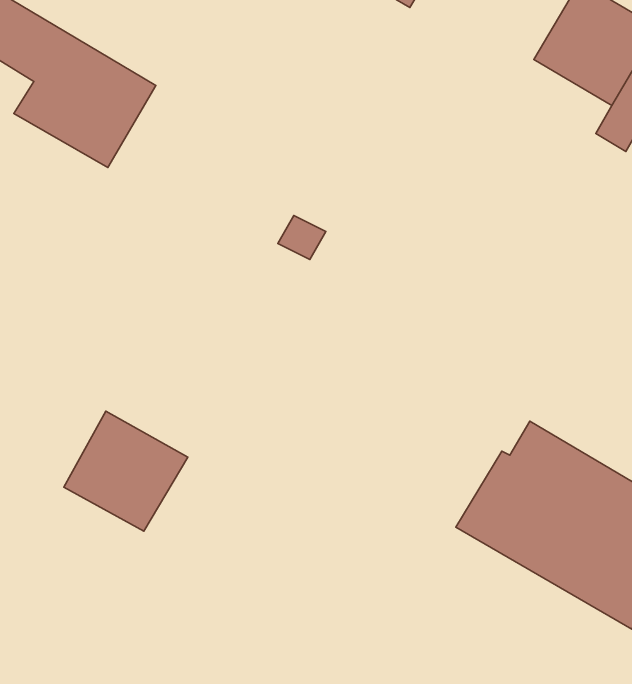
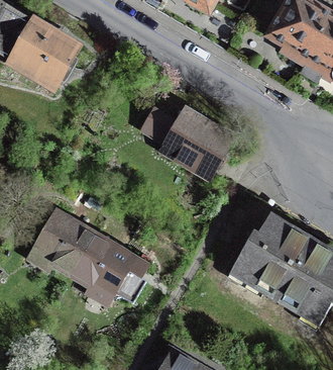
building: none -> [159,108,233,177]
building: none -> [73,234,144,300]

